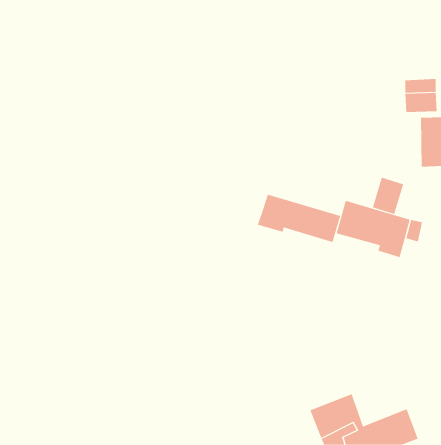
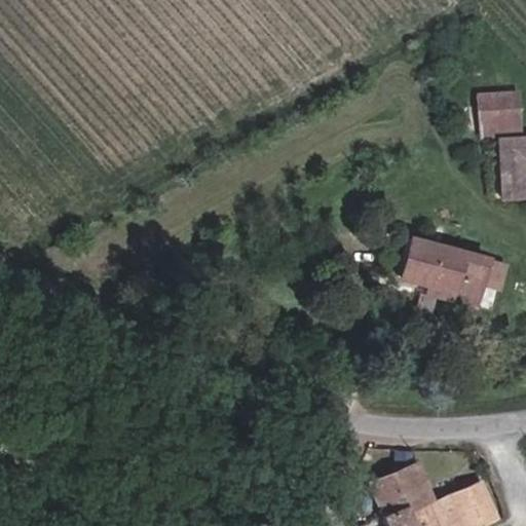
building: [372,177,404,215] -> none
building: [257,194,341,243] -> none

